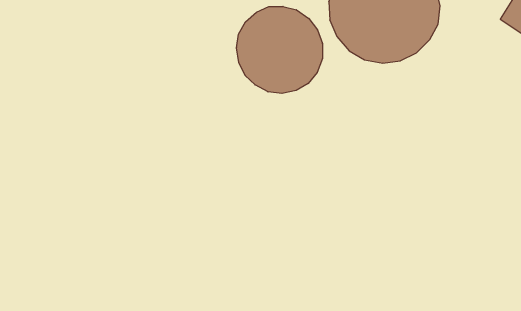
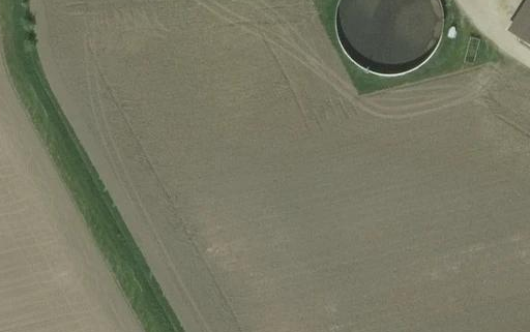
building: [237,6,322,93] -> none

